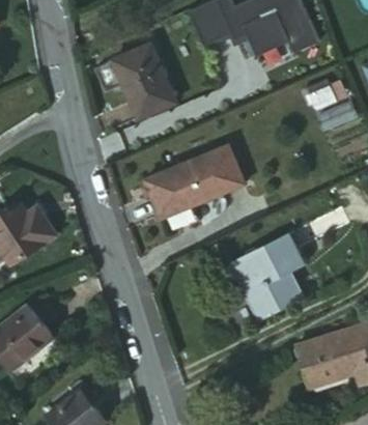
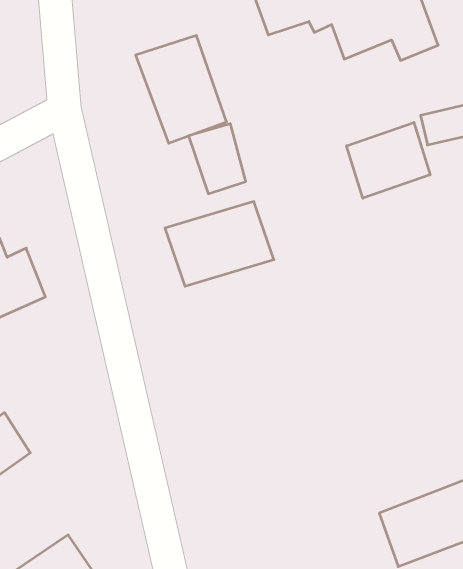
building: none -> [347,122,430,198]
building: [199,145,240,194] -> [188,124,246,194]
building: [230,236,304,322] -> none

